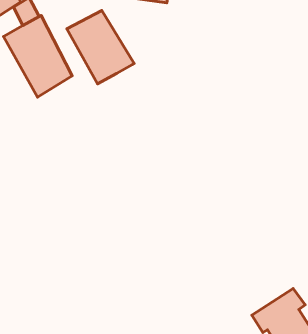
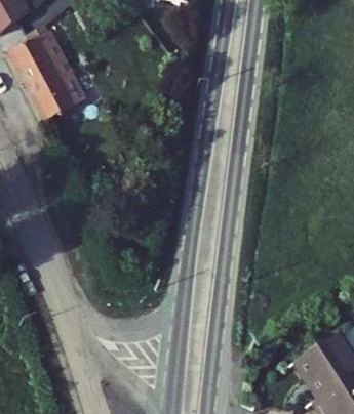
building: [67,11,134,84] -> none

